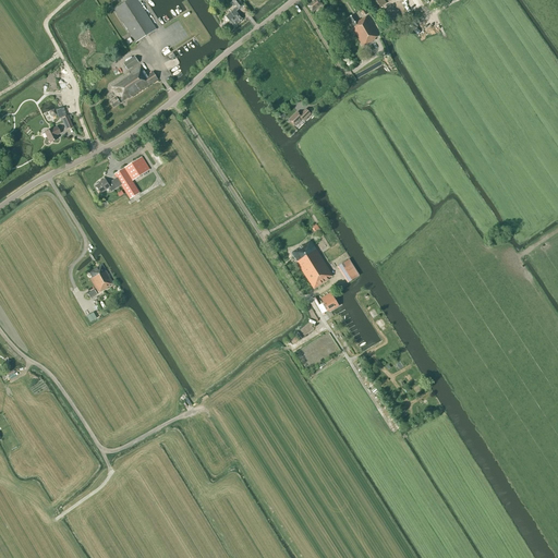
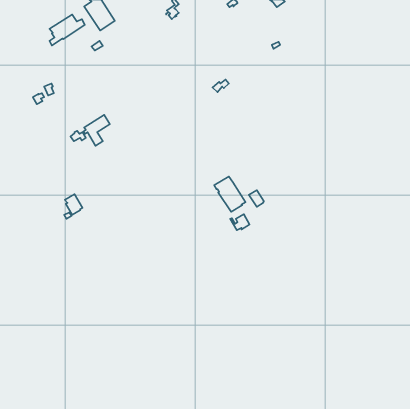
building: [349,14,378,46] -> none
building: [110,64,158,107] -> [50,14,85,46]

